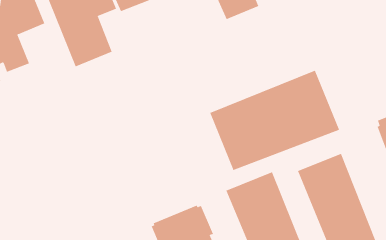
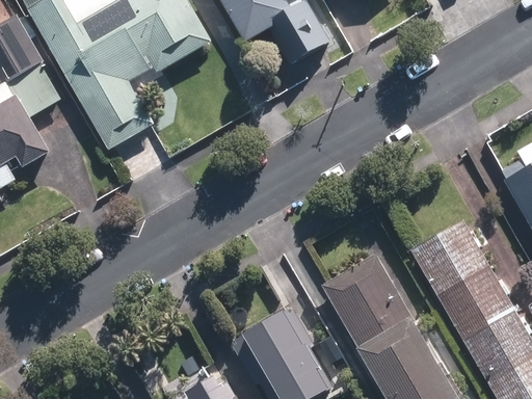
building: [210,70,340,171] -> none

